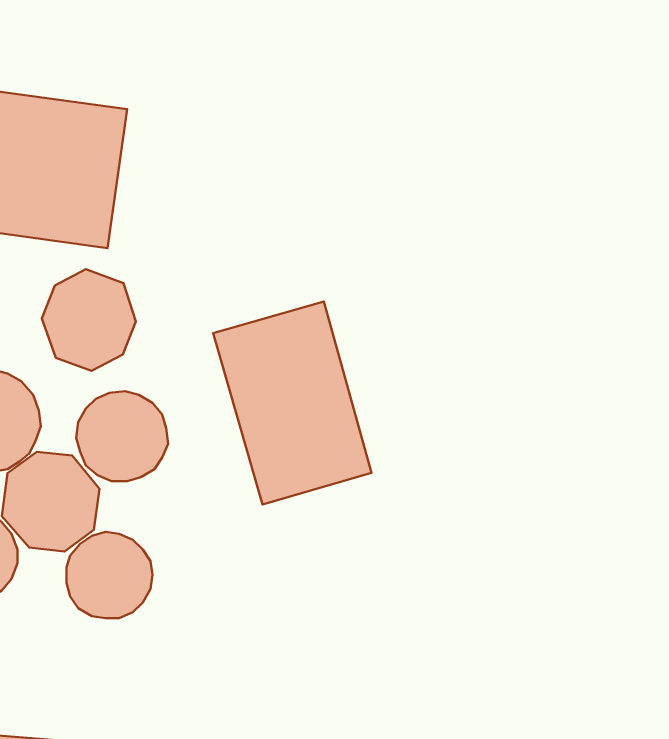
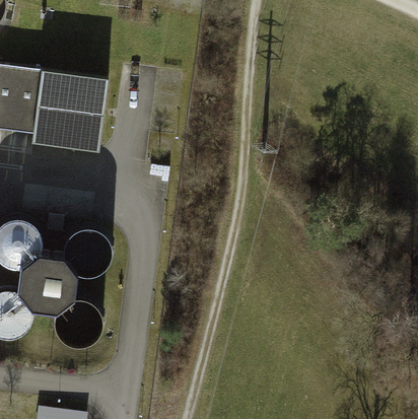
building: [42,269,136,371] -> none
building: [213,302,372,504] -> none

